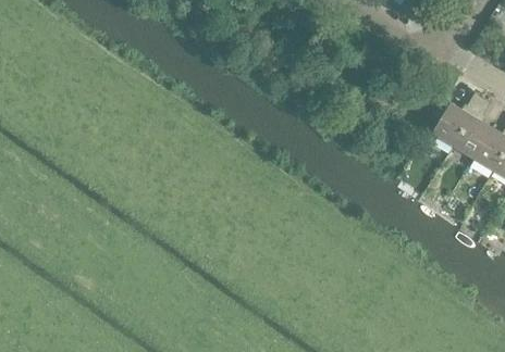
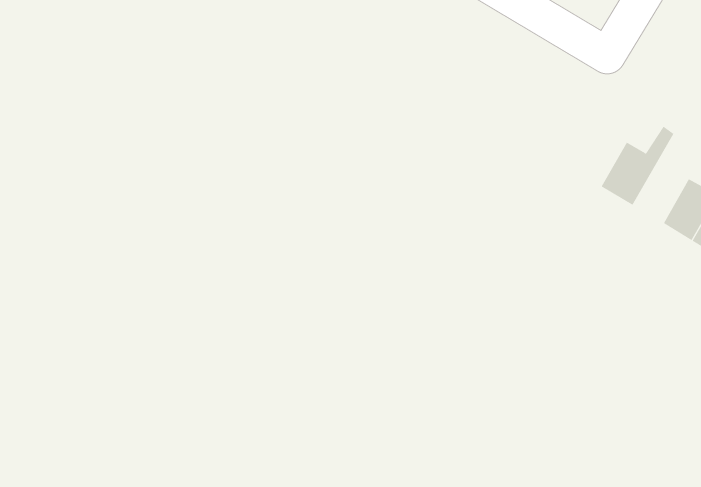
building: [455,98,493,159] -> none

